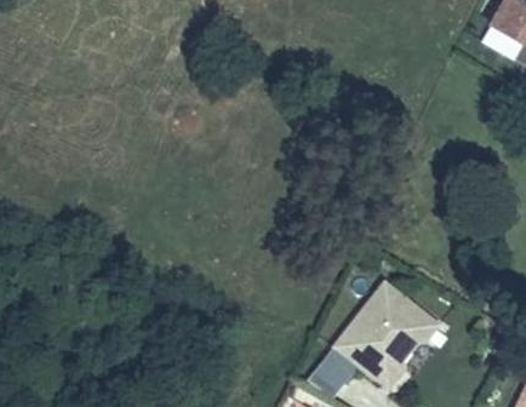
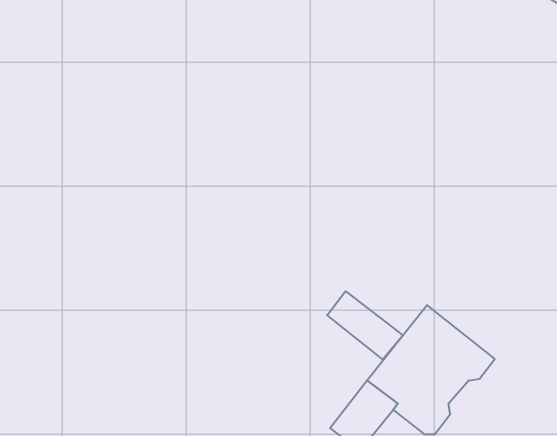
building: none -> [327,291,403,359]

